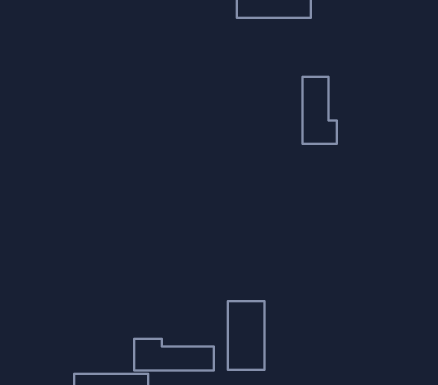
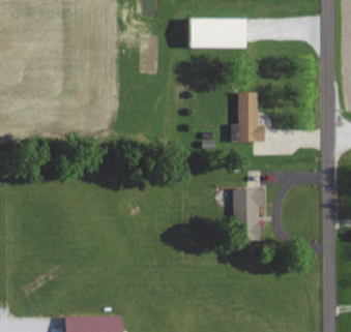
building: [228,301,265,370] -> [233,187,261,239]
building: [134,339,214,371] -> none

